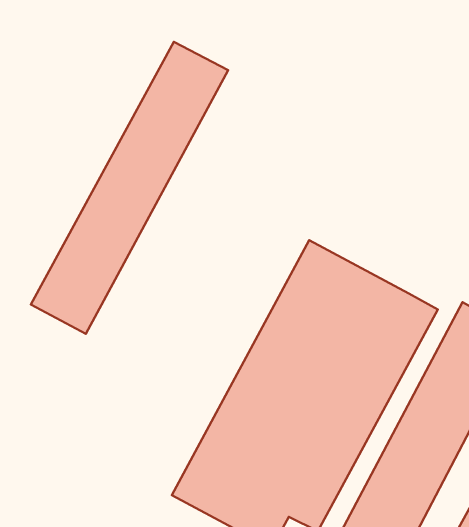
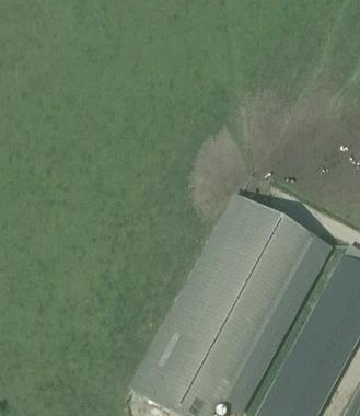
building: [31,42,228,334] -> none

